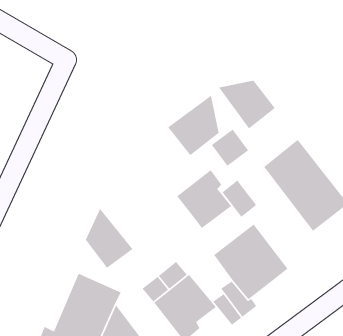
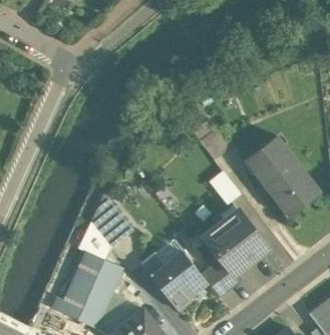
building: [218,80,276,130] -> none
building: [167,95,220,156] -> none
building: [176,169,232,229] -> none
building: none -> [78,223,110,260]

